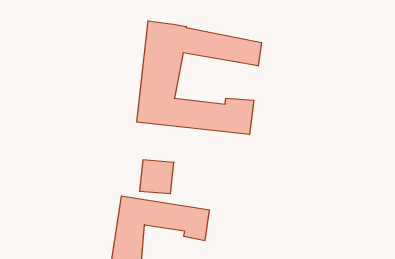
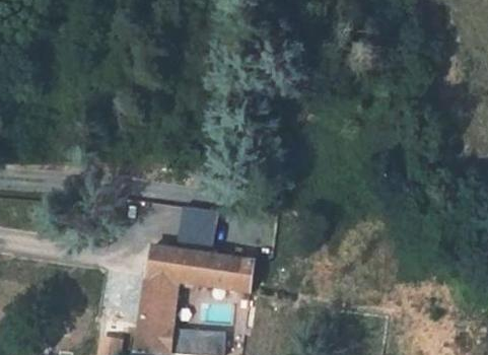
building: [137,21,261,135] -> none

